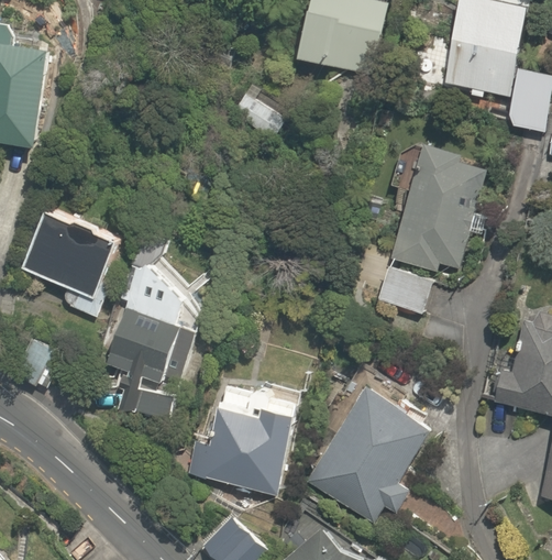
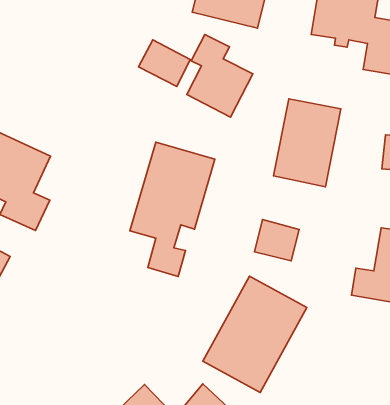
building: none -> [187,35,253,117]
building: [109,255,213,420] -> [130,142,215,277]
building: [377,263,432,314] -> [254,219,299,261]
building: [205,380,297,498] -> none

